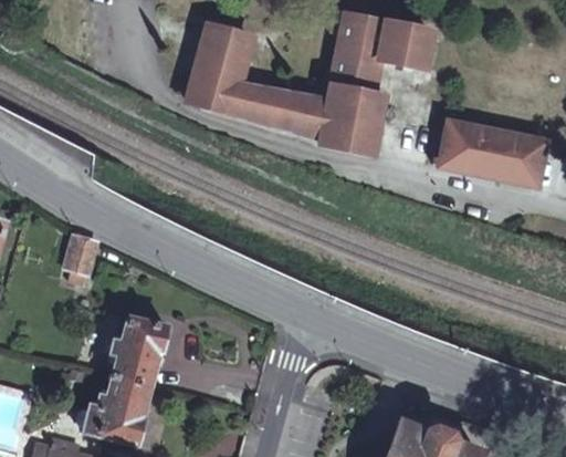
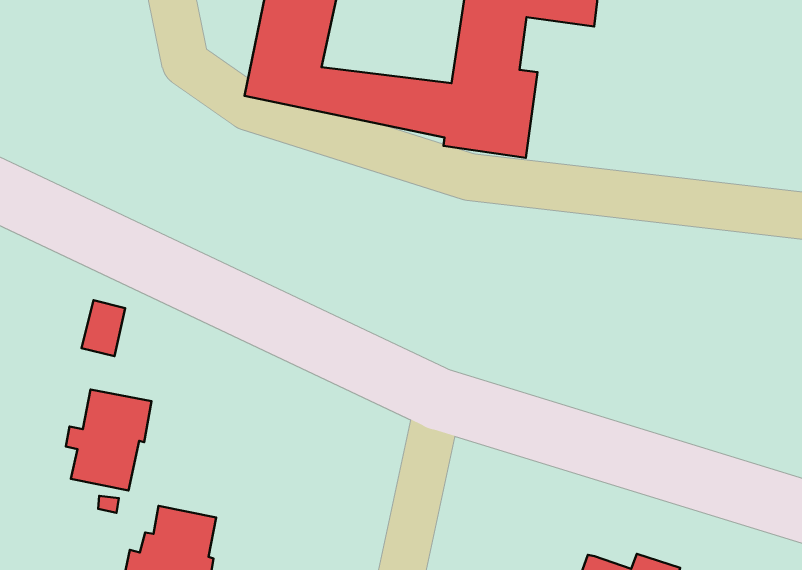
building: [438,121,547,186] -> none
building: [109,316,169,386] -> [66,390,152,490]

